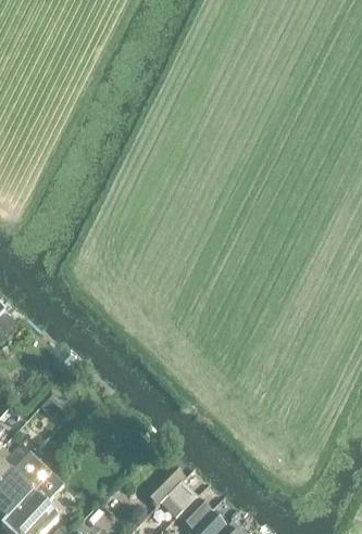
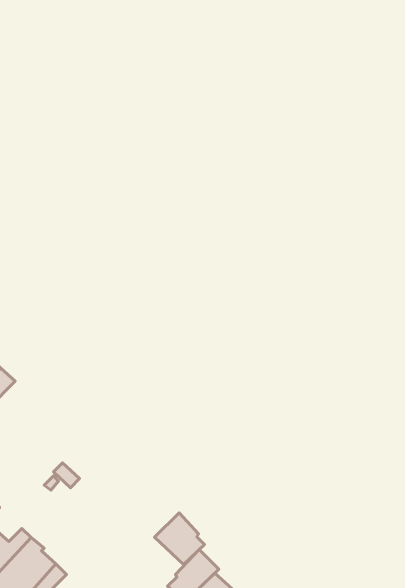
building: none -> [155,513,204,564]

